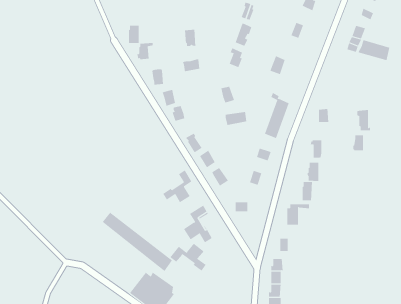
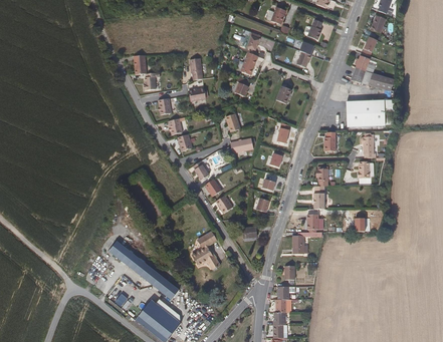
building: none -> [347,99,385,126]
building: [163,169,192,203] -> none
building: [170,243,207,271] -> none

